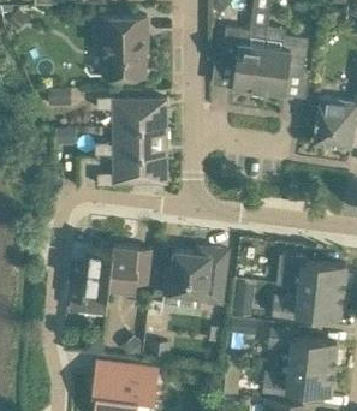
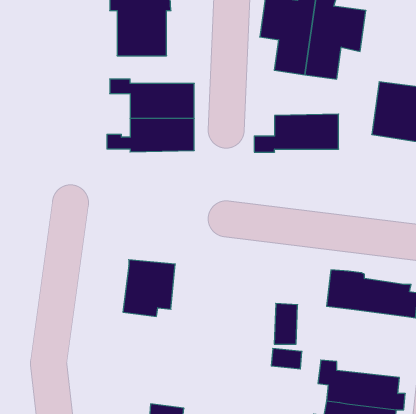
building: [97,155,167,186] -> [254,114,339,152]
building: [67,246,113,312] -> none
building: [165,249,228,304] -> none
building: [273,286,343,318] -> none

